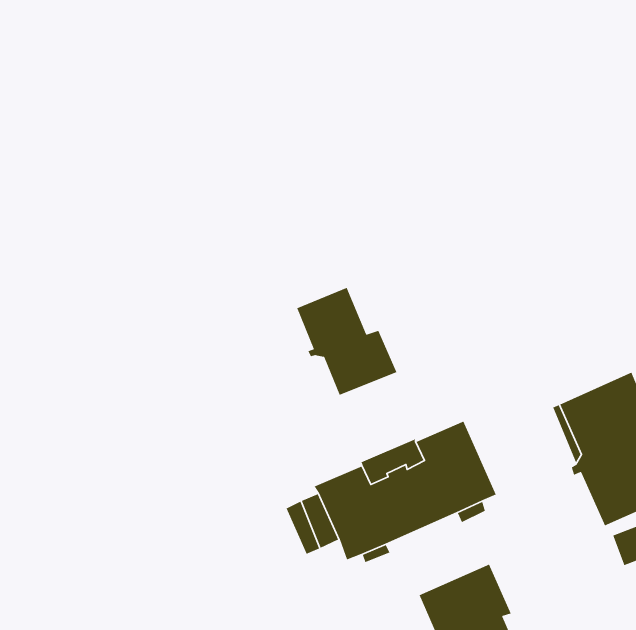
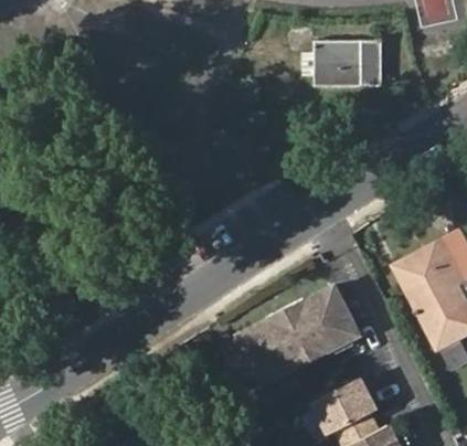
building: none -> [317,39,383,84]
building: [296,287,397,396] -> none

